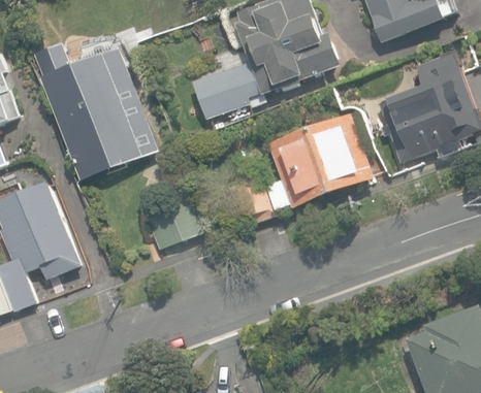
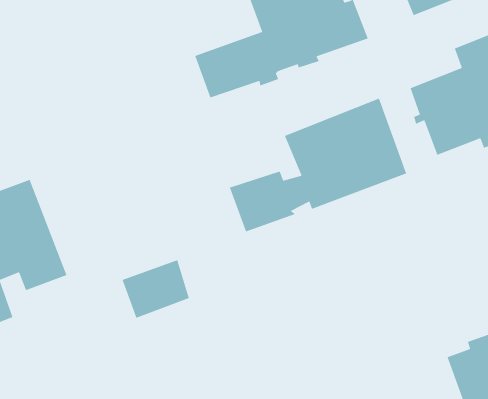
building: [30,44,158,182] -> none
building: [143,198,202,250] -> [122,259,190,319]

